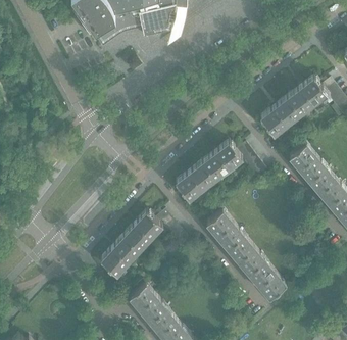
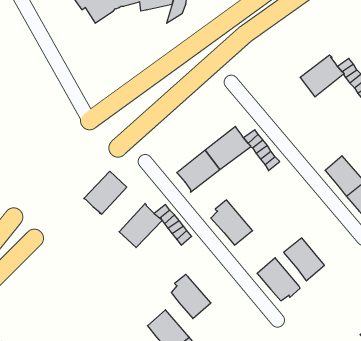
building: [258,98,299,136] -> none
building: [288,142,324,182] -> none
building: [227,236,263,275] -> [284,238,324,281]
building: [99,237,138,276] -> [84,171,127,214]
building: [129,282,164,322] -> [171,274,211,319]

